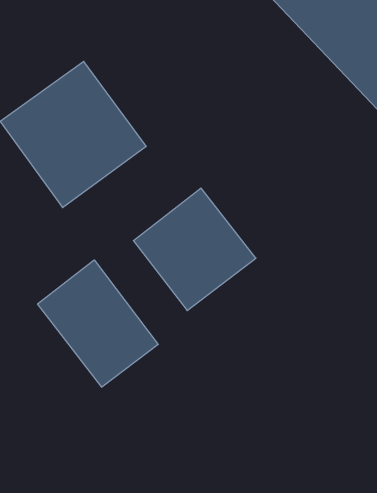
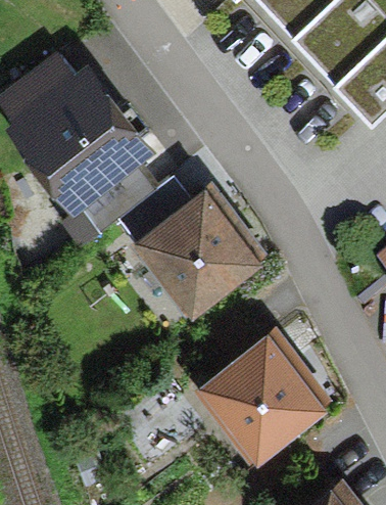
building: [38,260,158,387] -> none
building: none -> [196,334,323,461]

